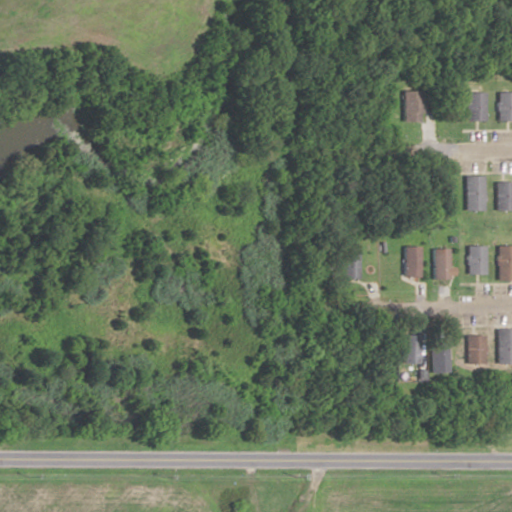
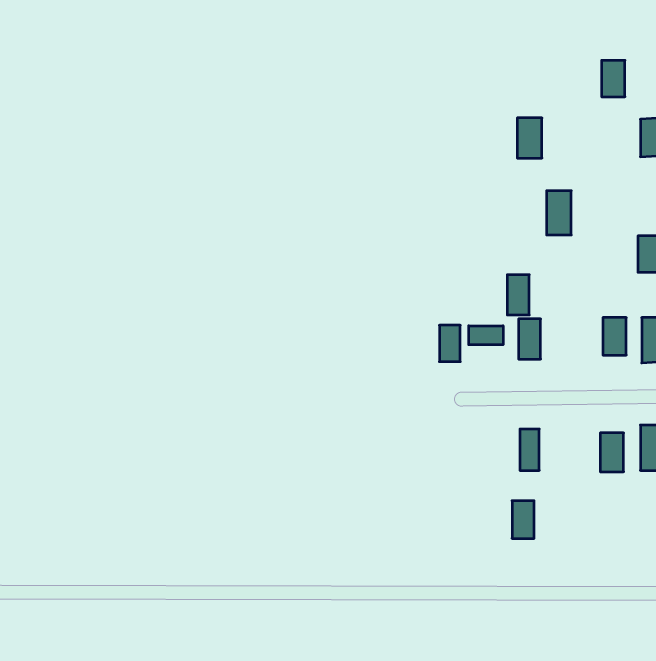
building: [468,94,486,122] -> [602,60,625,97]
building: [467,177,486,211] -> [547,191,571,235]
building: [434,249,451,280] -> [507,275,529,315]
building: none -> [469,326,503,345]
building: [433,344,450,373] -> [512,501,534,538]

